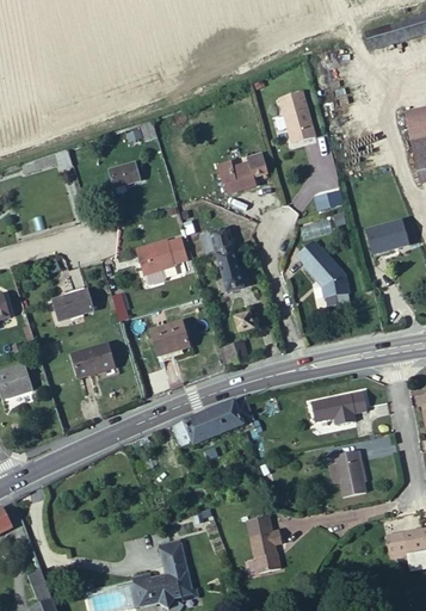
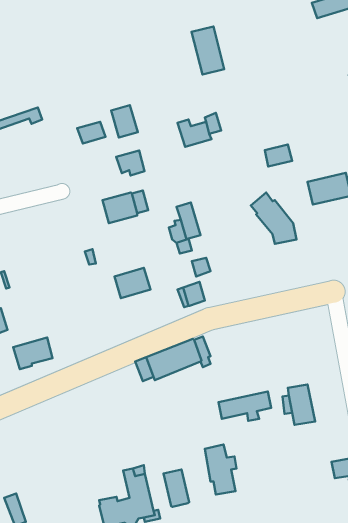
building: [279,91,315,143] -> [192,26,224,74]
building: none -> [111,105,138,138]
building: [202,228,233,255] -> [116,150,145,175]
building: [53,289,94,321] -> none
building: [70,344,113,378] -> [13,337,53,369]
building: [311,391,369,424] -> [219,391,271,421]
building: none -> [163,470,189,507]

